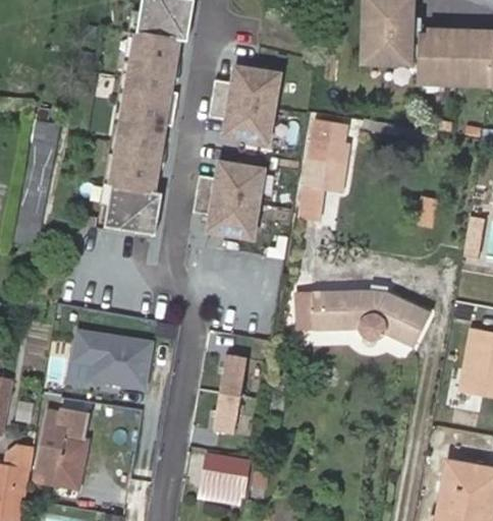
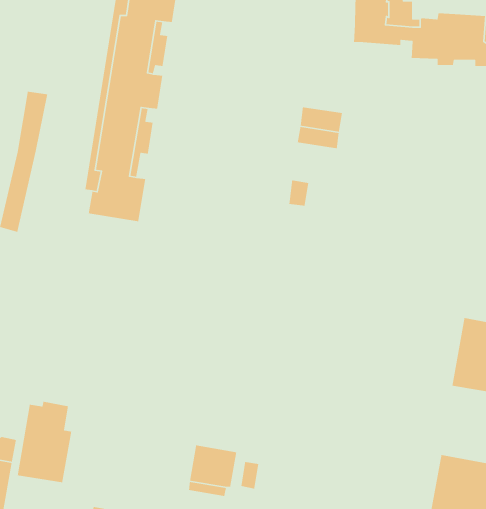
building: [208,66,278,141] -> none
building: [304,157,347,192] -> none
building: [193,162,262,237] -> none
building: [295,288,431,347] -> none
building: [73,329,154,388] -> none
building: [213,354,247,432] -> none

